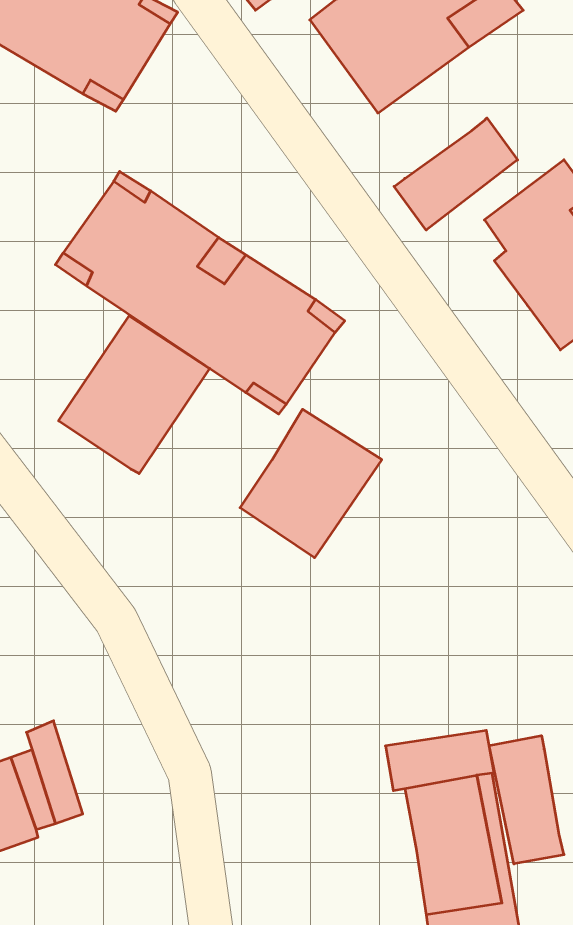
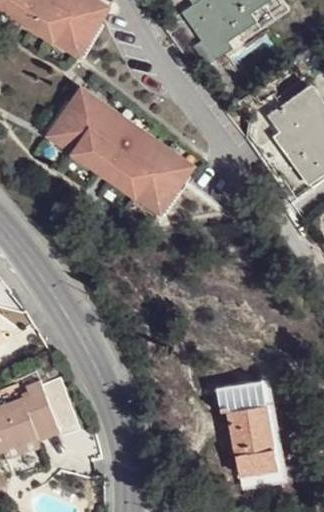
building: [394,118,518,230] -> none
building: [59,316,210,474] -> none
building: [240,409,382,558] -> none
building: [489,736,564,864] -> none

